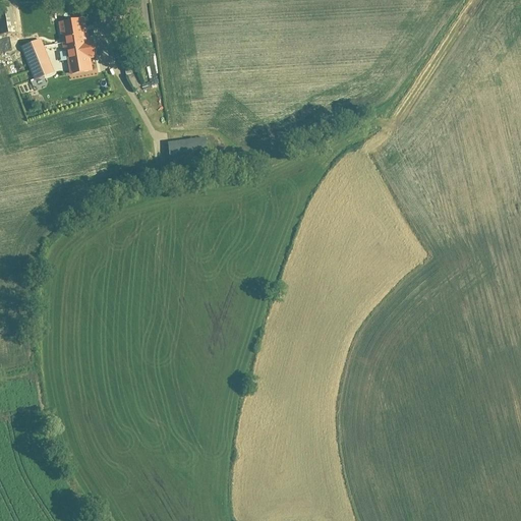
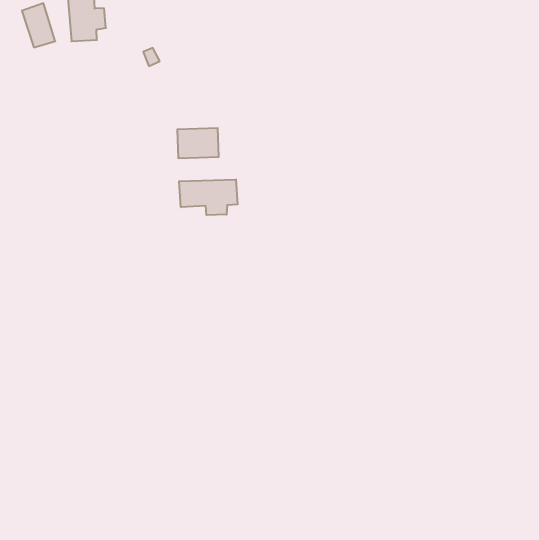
building: none -> [179,179,238,215]

